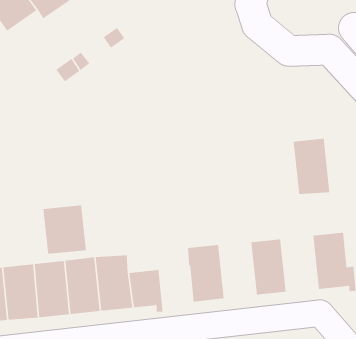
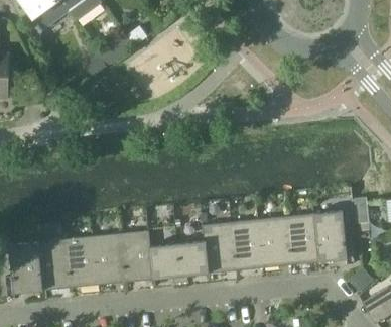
building: [293,138,330,195] -> [285,213,318,263]
building: [43,204,86,255] -> none
building: none -> [230,219,263,269]
building: none -> [176,240,207,282]

